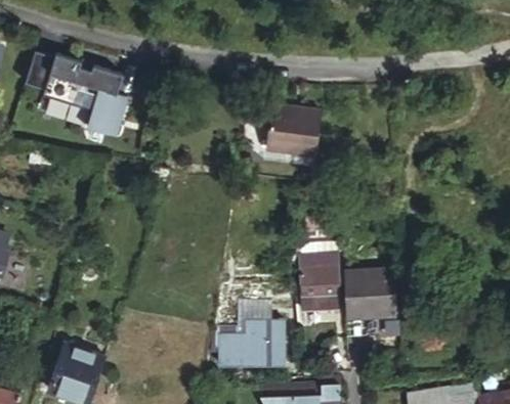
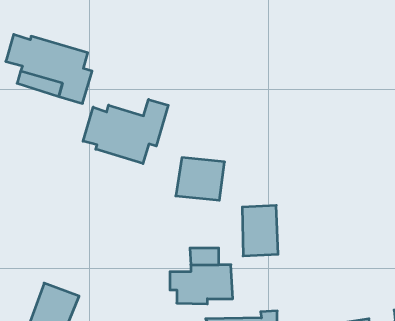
building: [259,104,316,154] -> [176,158,225,200]
building: none -> [83,99,168,164]
building: [346,270,397,318] -> none

